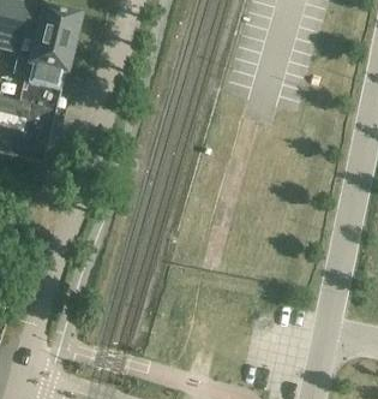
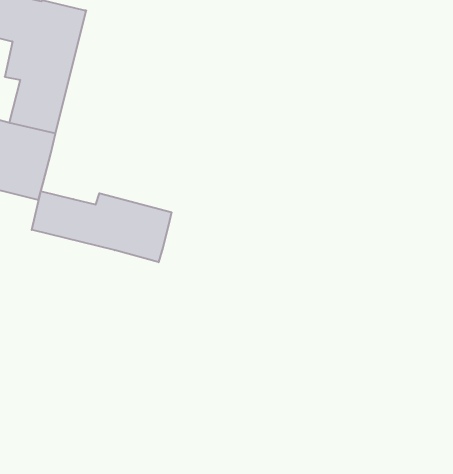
building: none -> [32,191,171,262]

